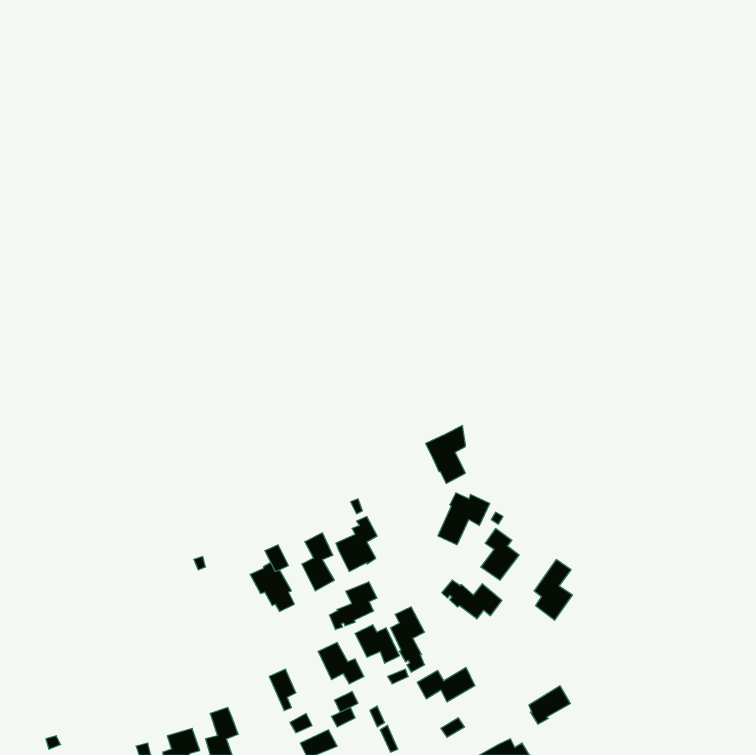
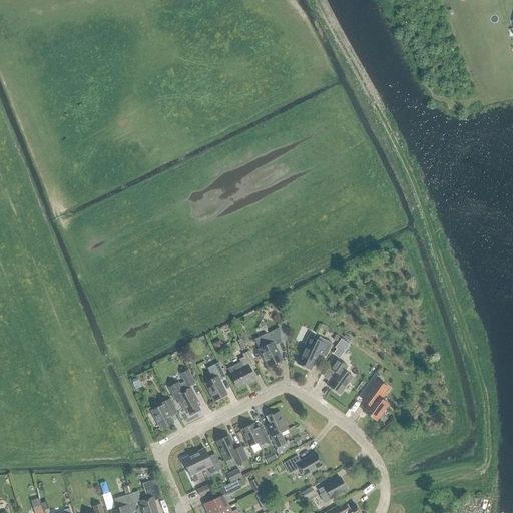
building: [426,426,465,483] -> [253,327,281,366]
building: [442,580,502,619] -> none
building: [329,582,377,630] -> none
building: none -> [150,398,175,427]
building: none -> [193,448,221,473]
building: [529,686,570,724] -> [318,476,346,502]

